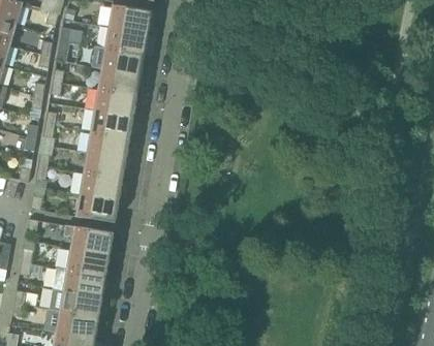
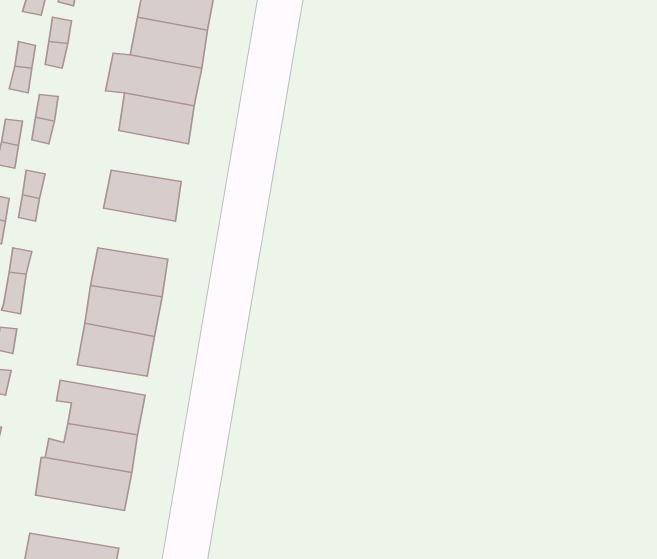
building: [94,88,136,116] -> none
building: [87,130,129,158] -> none
building: [50,287,101,316] -> none

